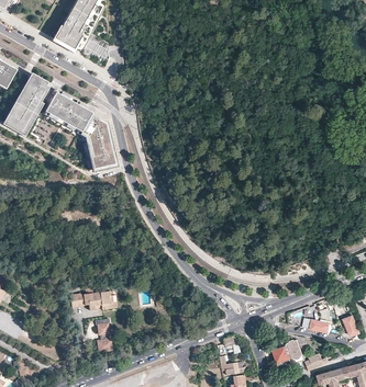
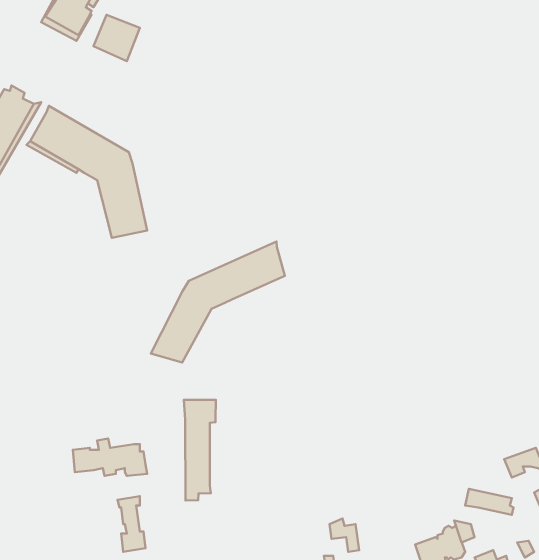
building: none -> [151,241,285,363]
building: none -> [184,400,216,500]

